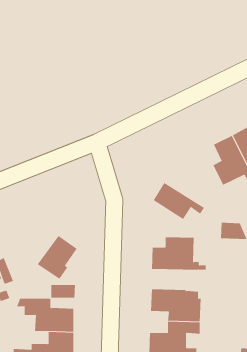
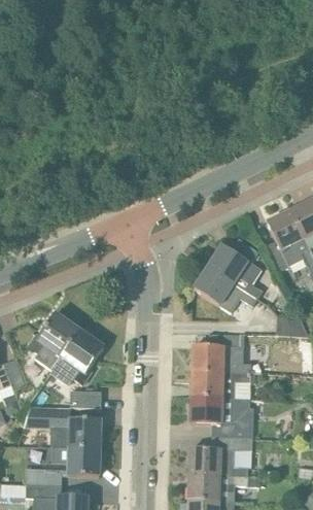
building: none -> [207,238,274,305]
building: none -> [28,313,79,370]
building: none -> [192,372,255,397]

